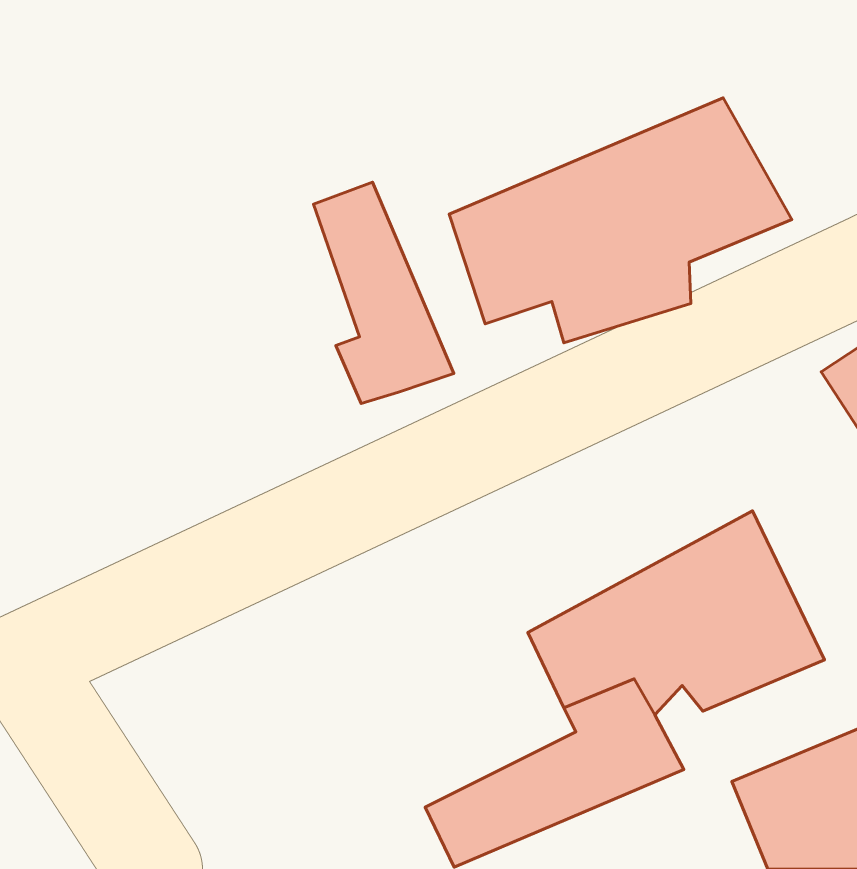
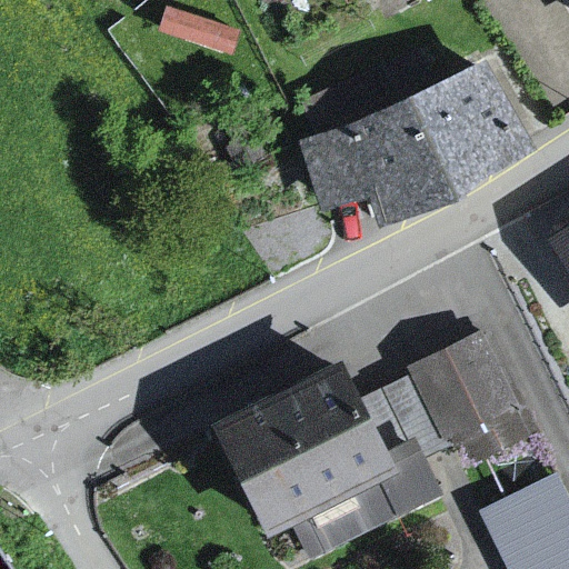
building: [314,182,454,404] -> none
building: none -> [206,370,386,539]

